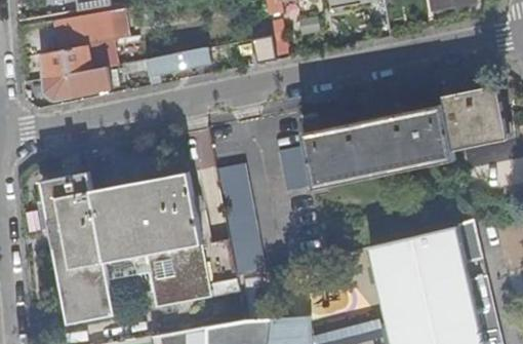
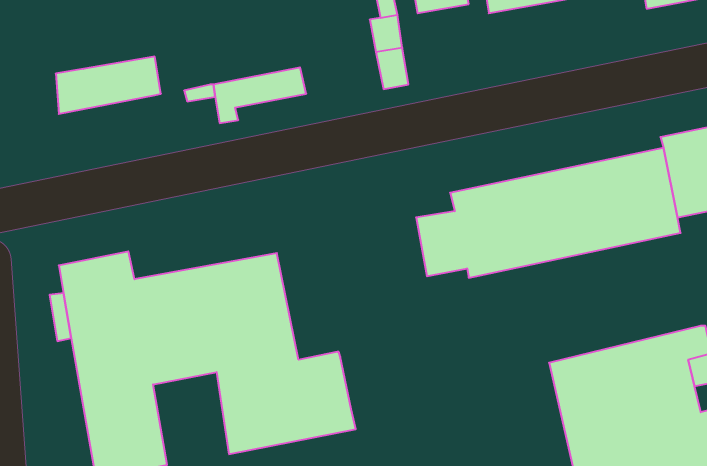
building: [54,9,124,50] -> none
building: [43,68,111,102] -> none
building: [214,162,266,276] -> none

